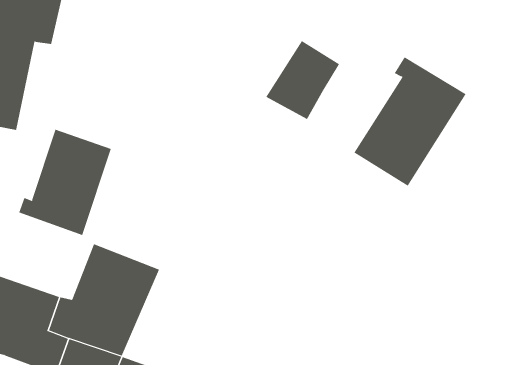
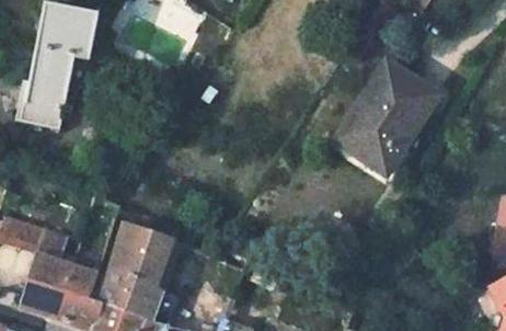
building: [266,40,340,120] -> none
building: [19,129,112,236] -> none

